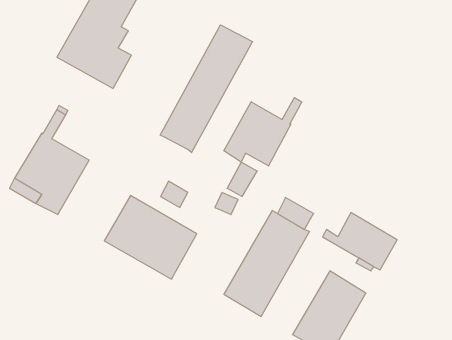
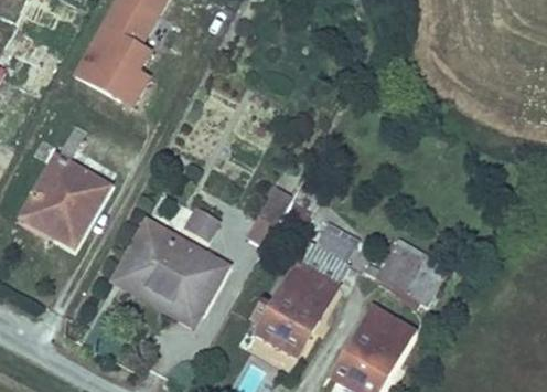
building: [160,25,253,153] -> none
building: [224,98,302,166] -> none
building: none -> [112,220,199,326]

